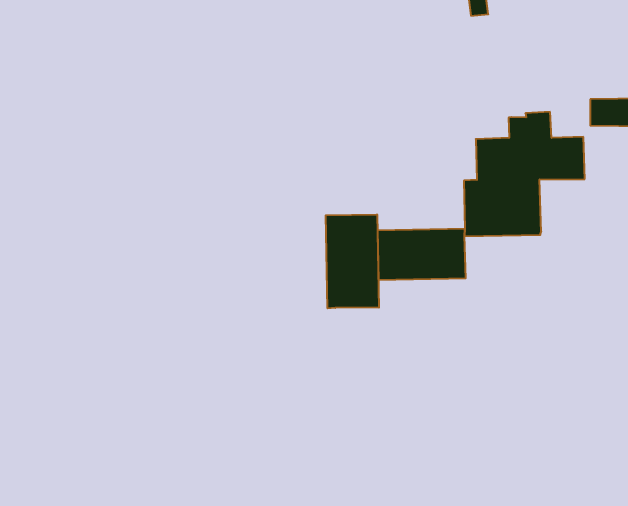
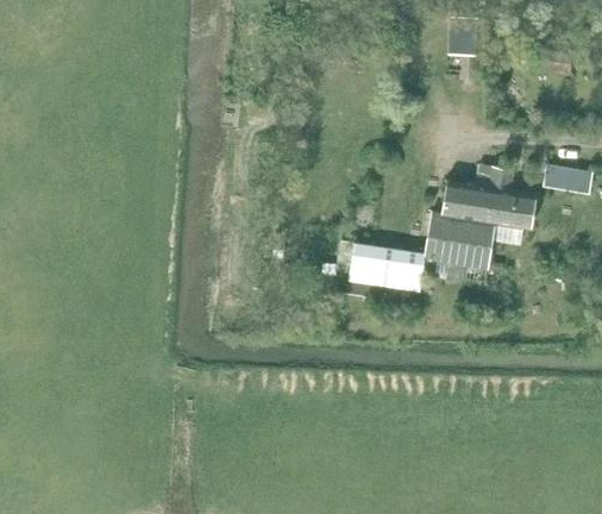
building: [326,214,379,308] -> none

